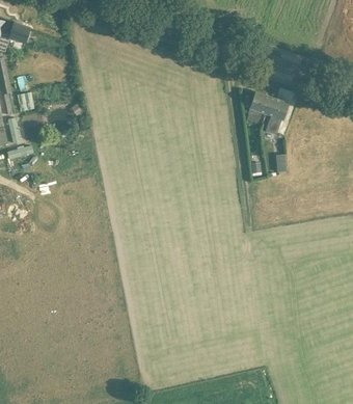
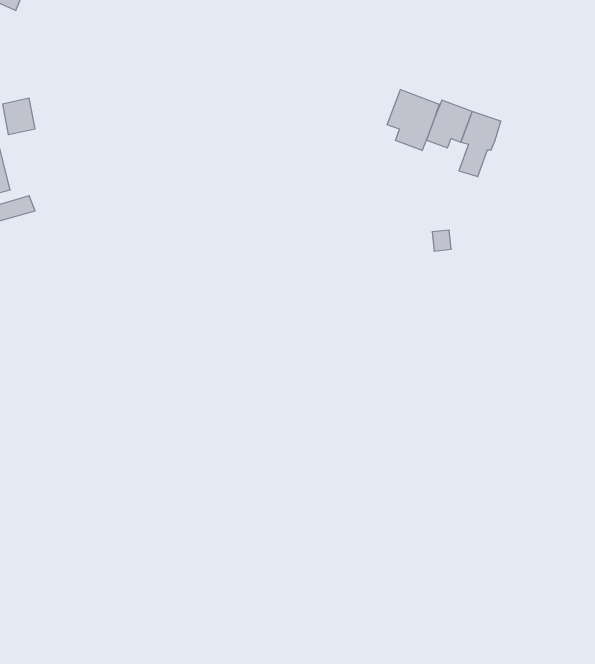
building: none -> [387,90,439,151]

